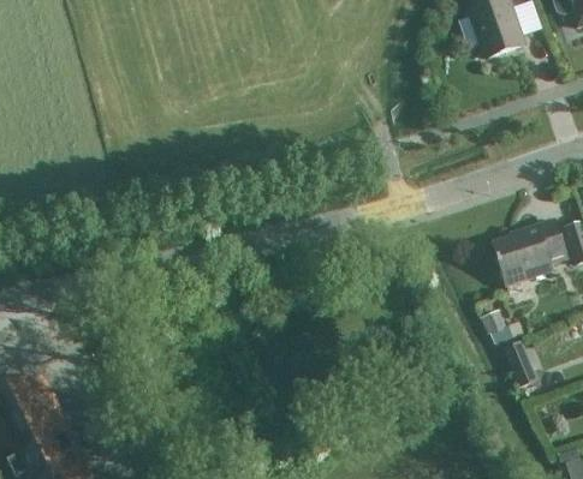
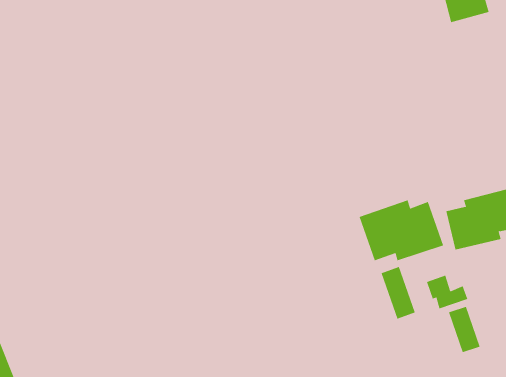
building: none -> [359,200,444,261]
building: none -> [381,266,416,320]

